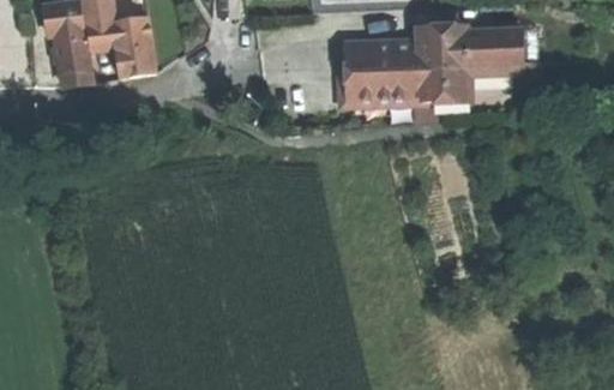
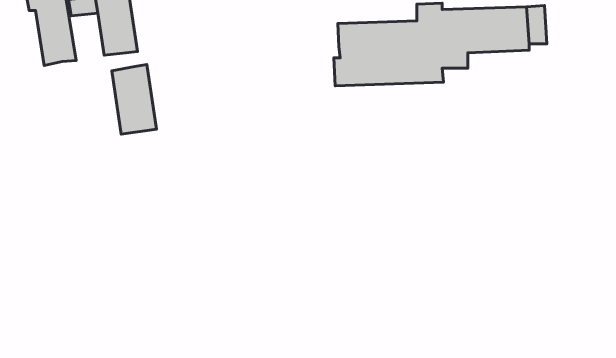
building: none -> [112,64,157,134]

